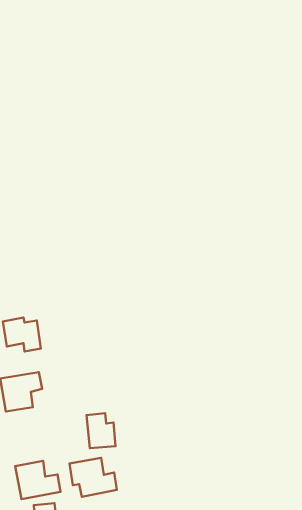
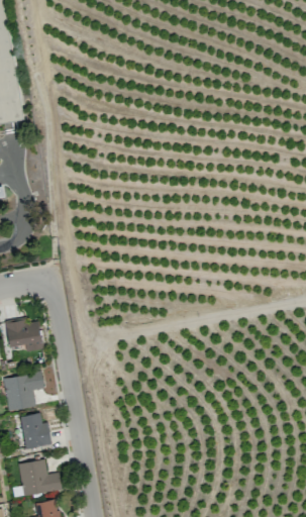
building: [87,413,116,448] -> [22,414,50,448]
building: [70,458,117,497] -> none

